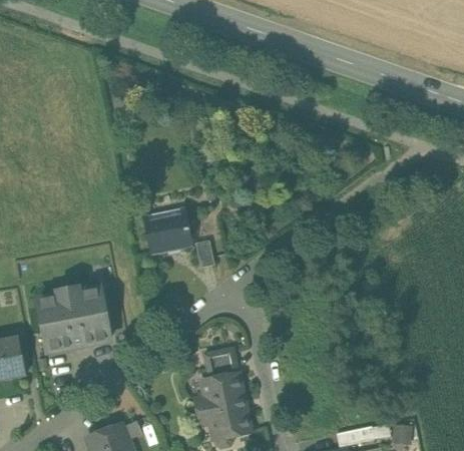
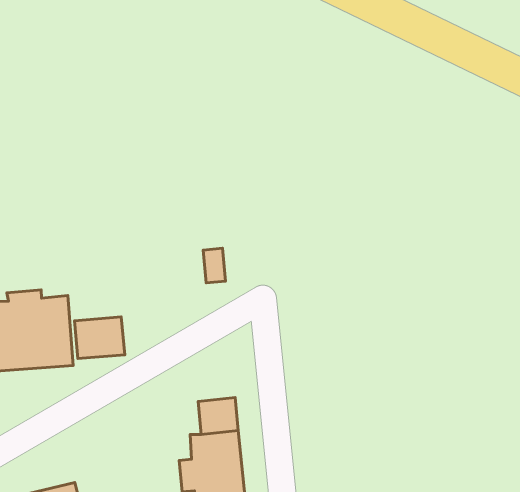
building: [144,208,193,254] -> none
building: none -> [74,317,125,358]

